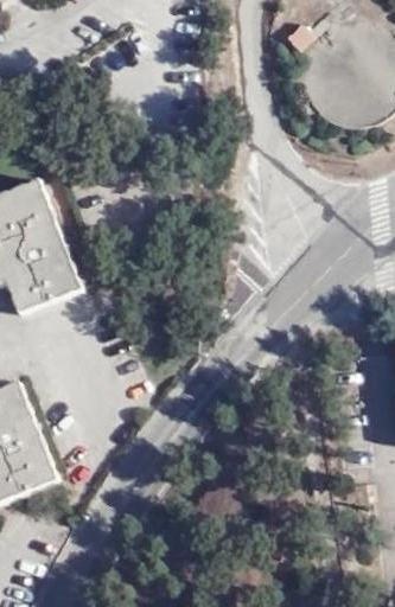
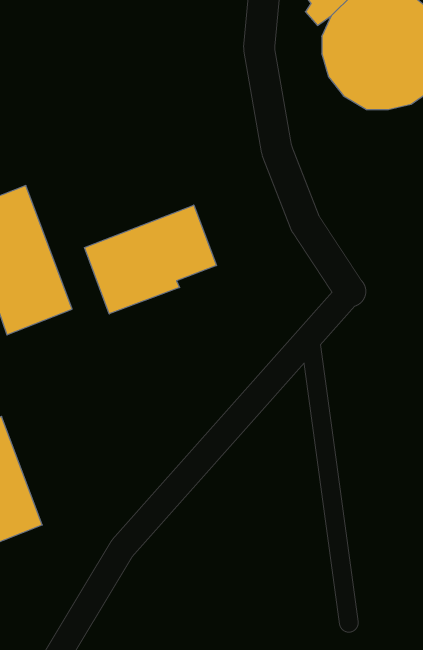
building: none -> [85,205,216,314]

